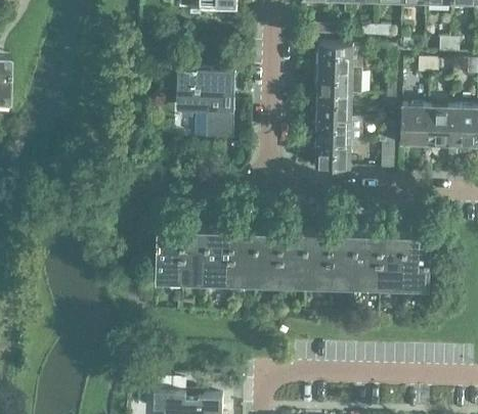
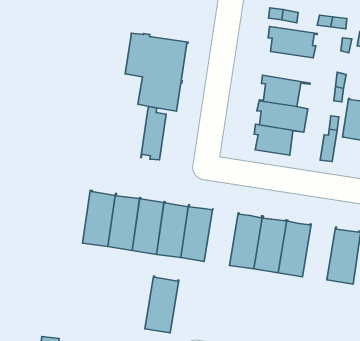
building: [313,71,361,97] -> none
building: none -> [141,107,166,160]
building: [278,233,306,287] -> [145,276,179,333]
building: [378,236,404,289] -> none

